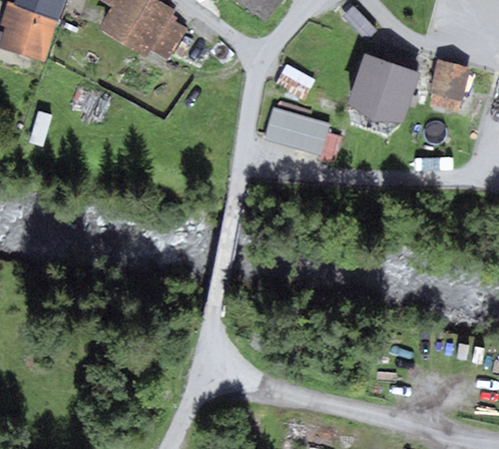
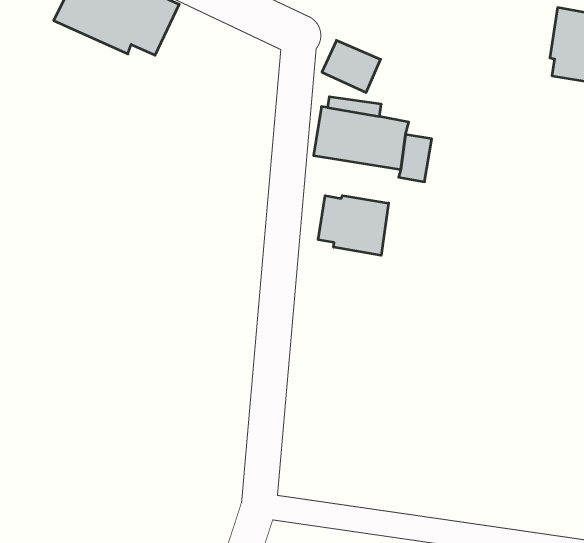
building: [347,53,421,122] -> none
building: none -> [318,196,389,255]

